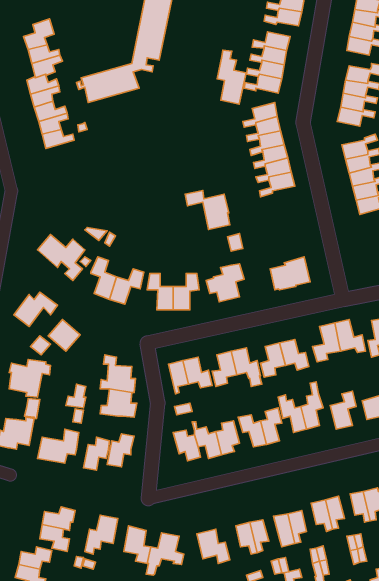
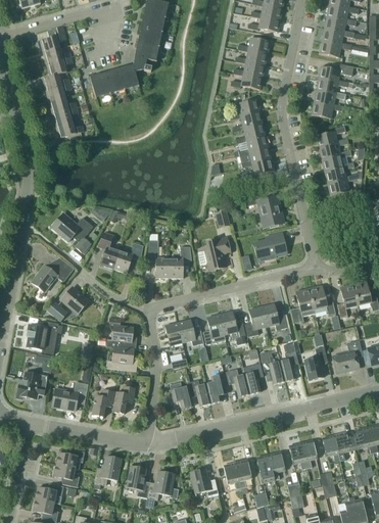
building: [217,50,246,104] -> none
building: [185,191,230,229] -> [243,193,282,227]

